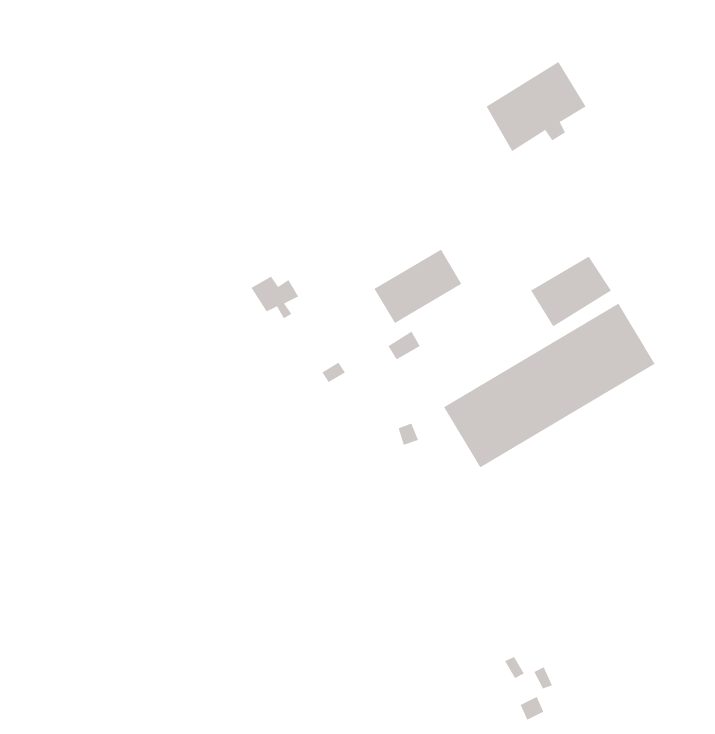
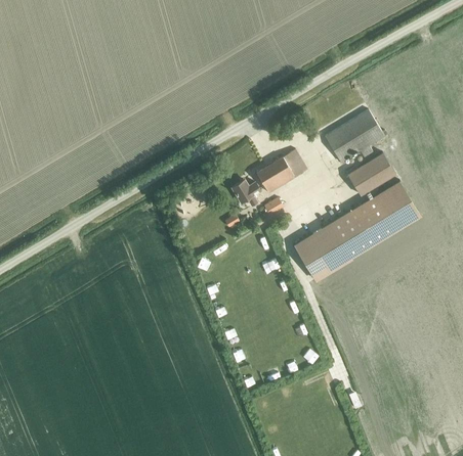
building: [486,61,587,152] -> [324,110,383,164]
building: [251,276,299,319] -> [230,181,259,207]

